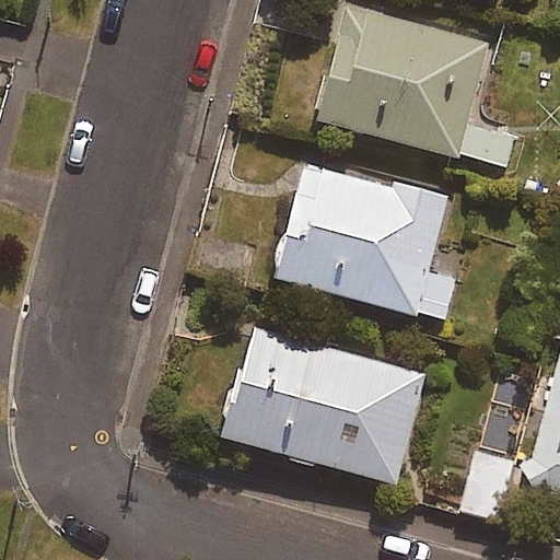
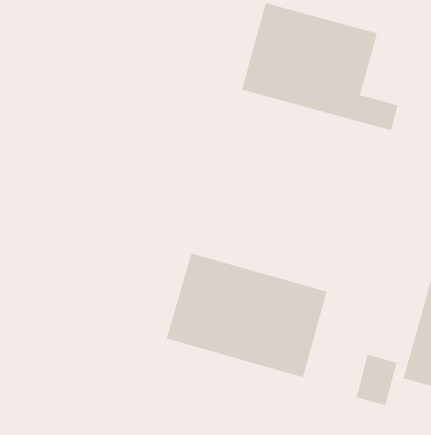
building: [276,163,457,320] -> none

